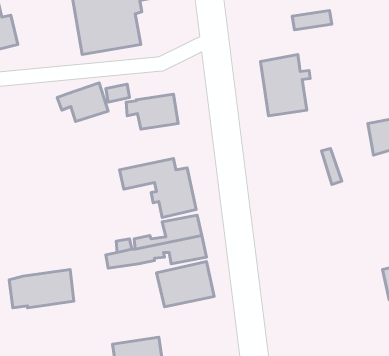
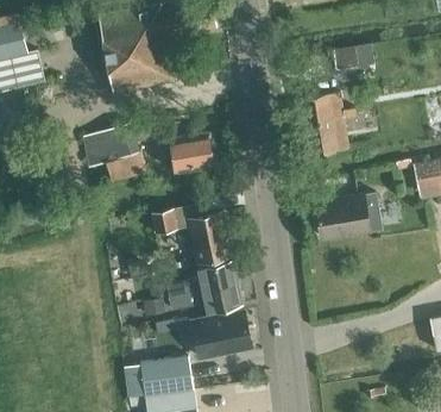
building: none -> [105,151,146,183]
building: none -> [315,196,368,239]
building: [9,269,74,308] -> [125,357,193,398]

